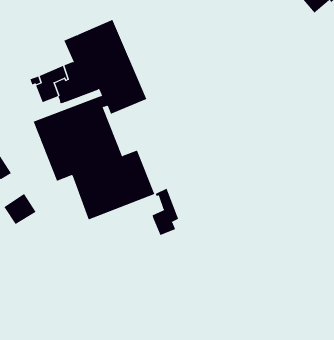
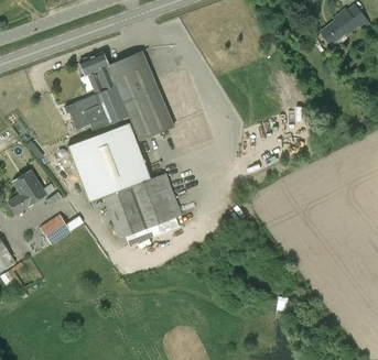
building: none -> [79,52,109,94]
building: [152,188,179,236] -> none

